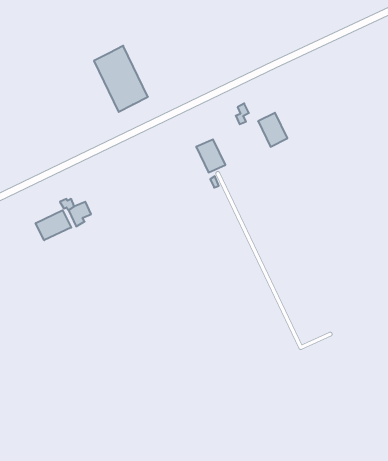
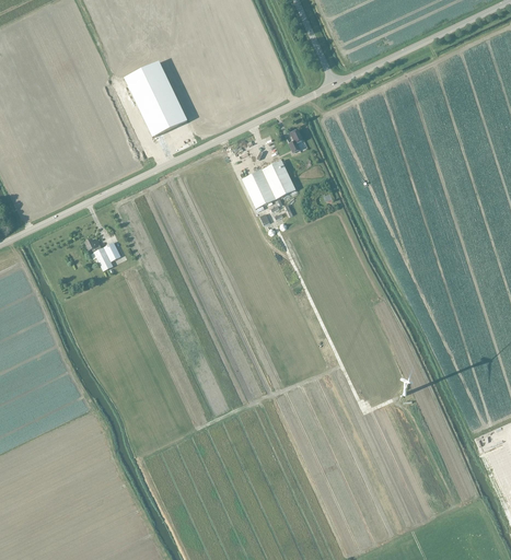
building: [258,113,287,147] -> [264,159,298,198]
building: [36,210,71,240] -> none

